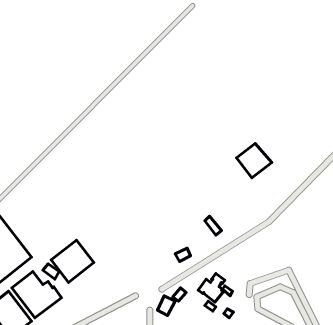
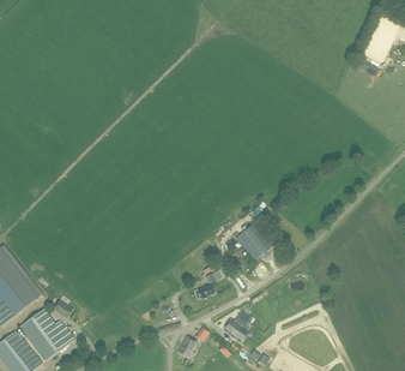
building: [236,144,272,178] -> [235,222,273,259]
building: [51,240,94,282] -> none

